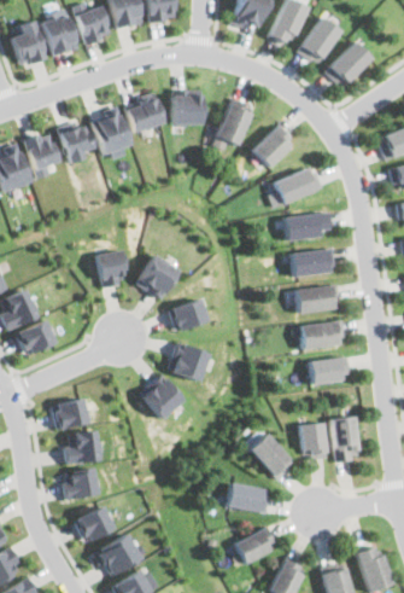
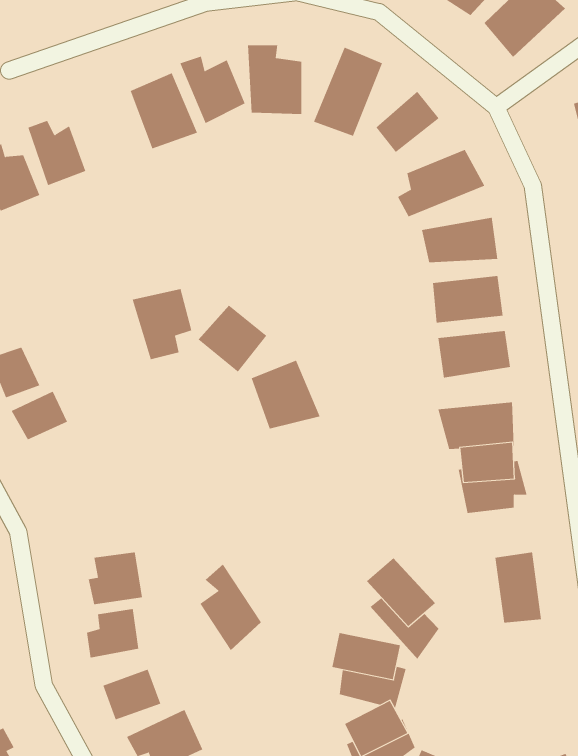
building: [59,123,98,163] -> none
building: [169,344,211,391] -> none
building: [146,374,187,432] -> [200,563,262,651]
building: [51,389,88,422] -> none
building: [301,429,332,469] -> none

